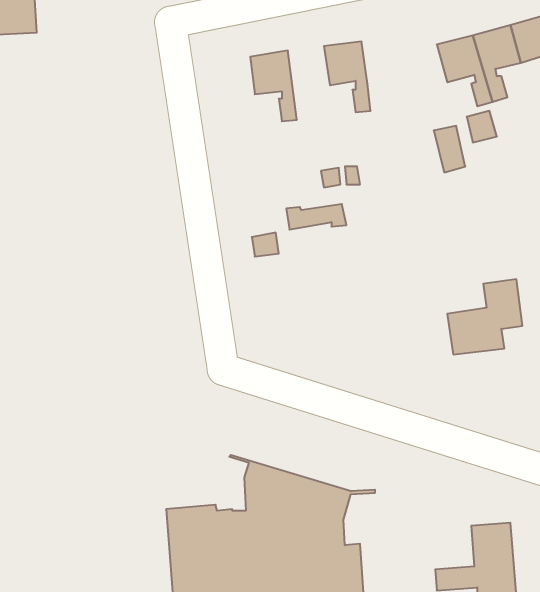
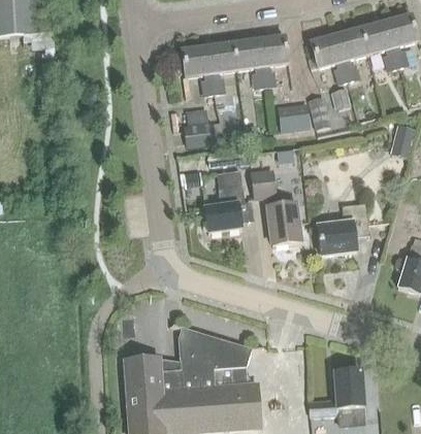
building: none -> [258,35,287,87]
building: none -> [207,42,236,93]
building: none -> [278,101,310,130]
building: none -> [184,122,216,145]
building: none -> [203,169,244,232]
building: none -> [251,170,300,244]

